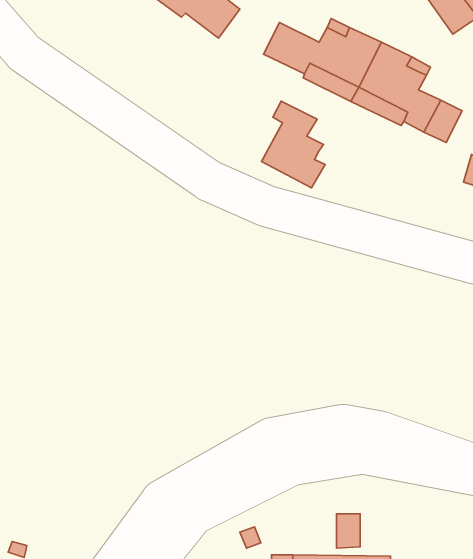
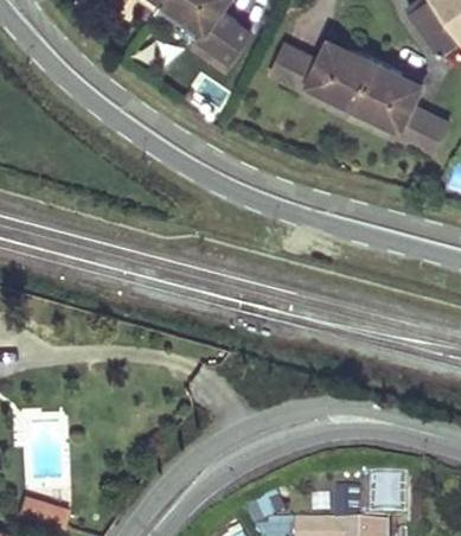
building: [262,101,325,188] -> none

